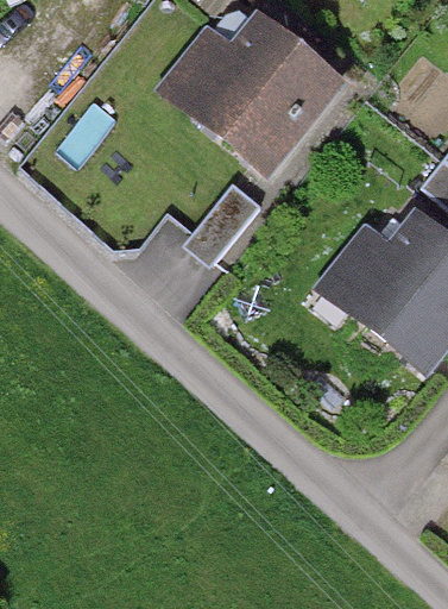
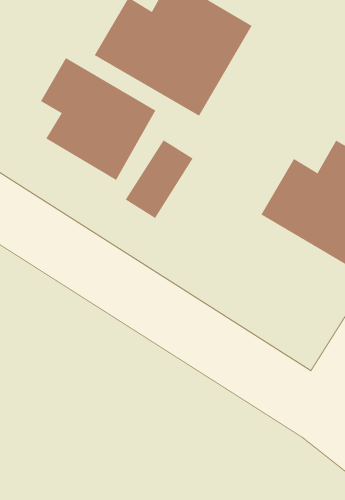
building: none -> [40,57,156,181]

